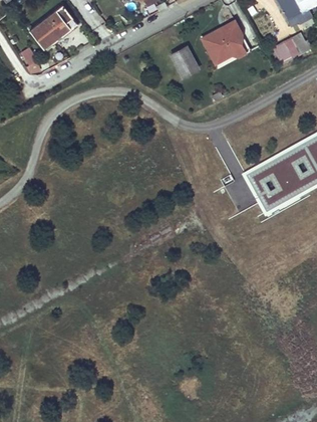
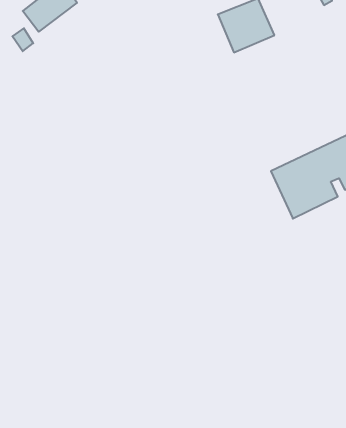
building: [274,38,300,63] -> none
building: [172,47,197,75] -> none

